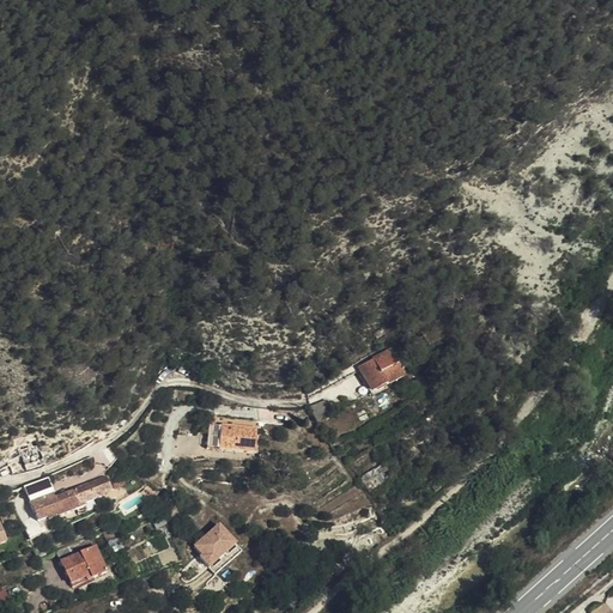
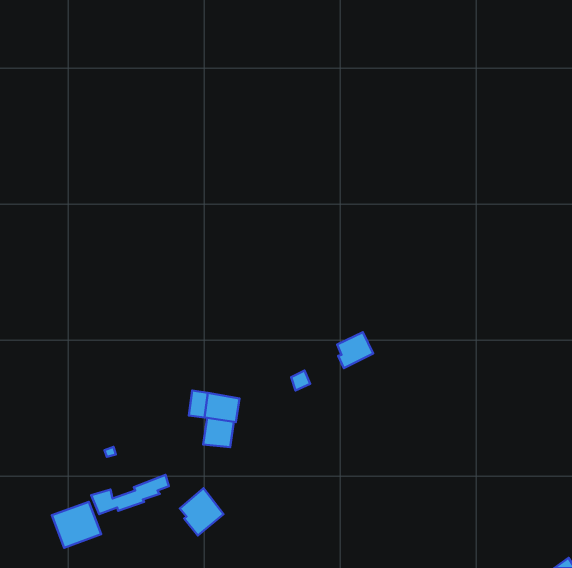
building: none -> [203,418,234,447]
building: [30,474,113,516] -> [91,475,169,514]

